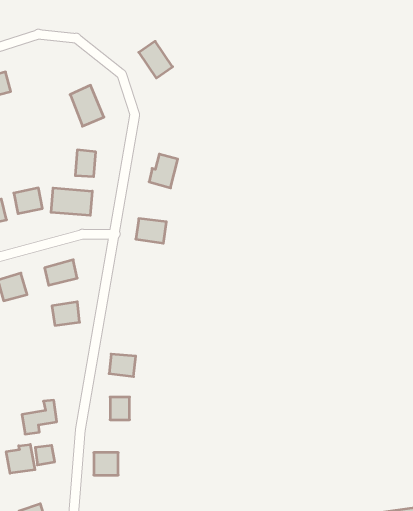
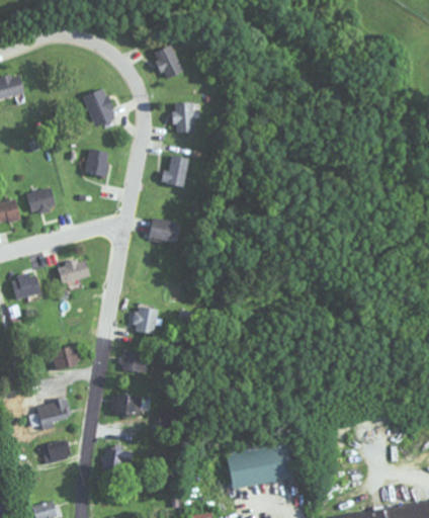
building: none -> [172,102,193,133]
building: [51,188,92,215] -> none
building: [52,302,80,325] -> [52,346,79,369]
building: none -> [131,305,158,336]
building: none -> [226,441,295,489]
building: [6,444,35,473] -> none

